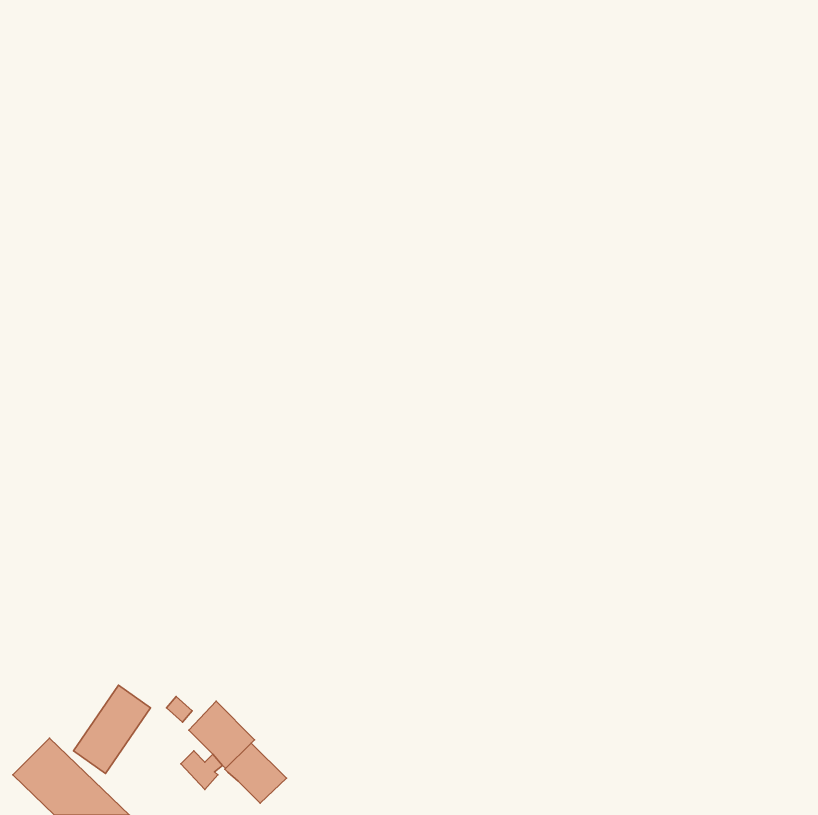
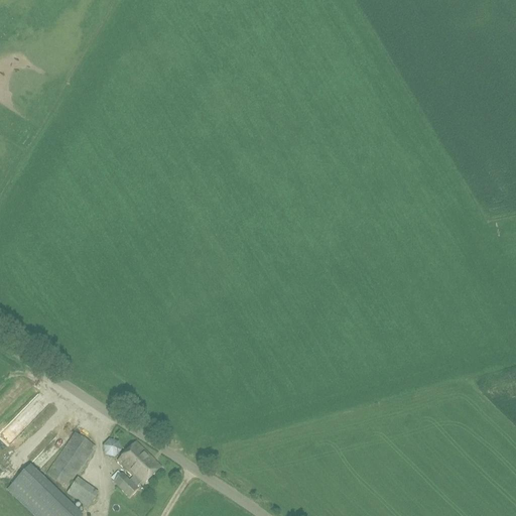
building: [225,743,286,803] -> none
building: none -> [68,477,98,506]

